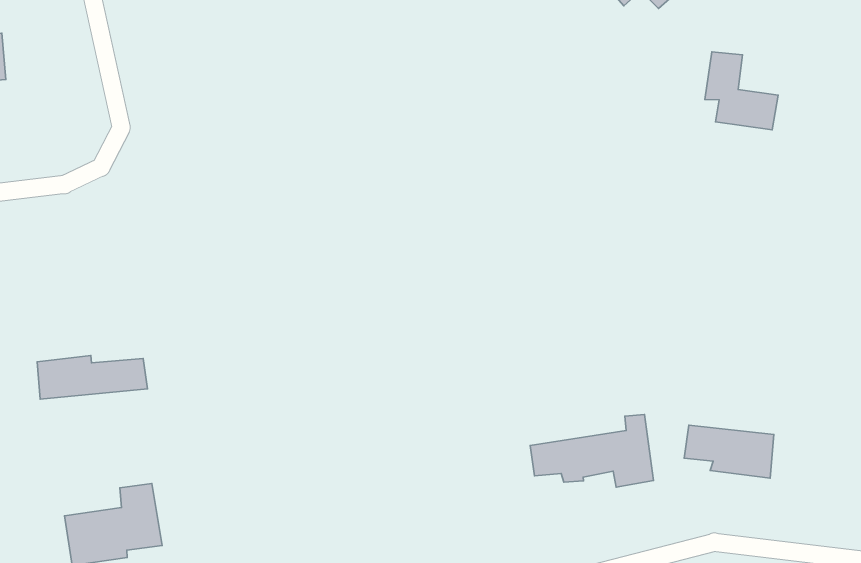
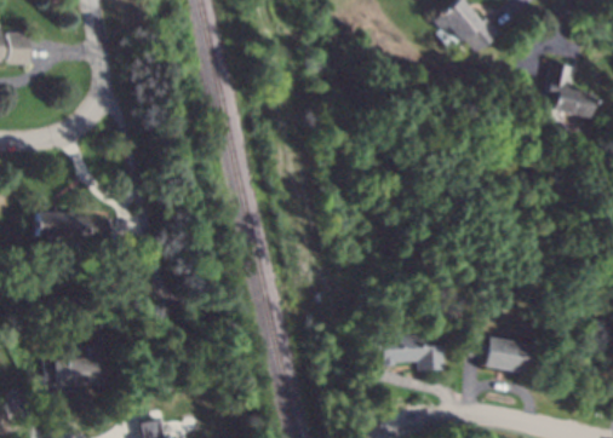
building: [705,52,778,130] -> [544,62,594,117]
building: [37,356,147,399] -> [39,212,111,238]

